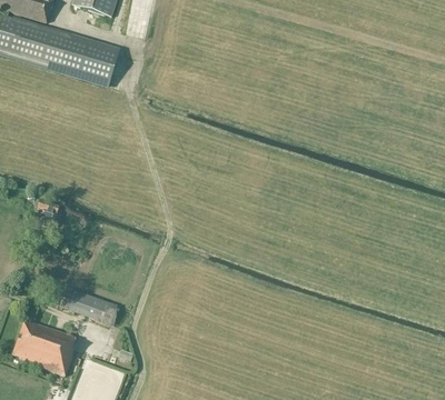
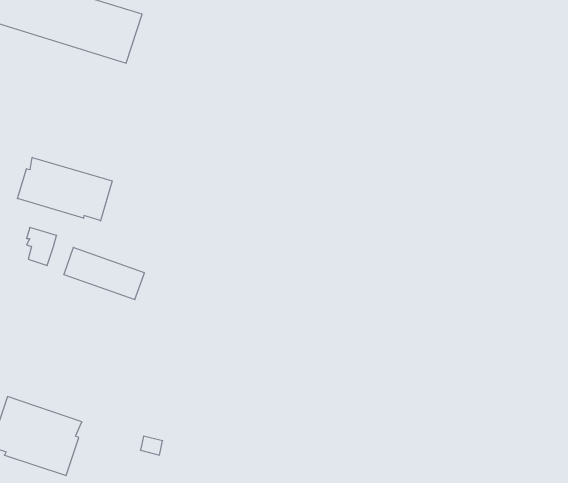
building: none -> [17,157,112,221]
building: [60,287,117,323] -> [64,247,144,300]

